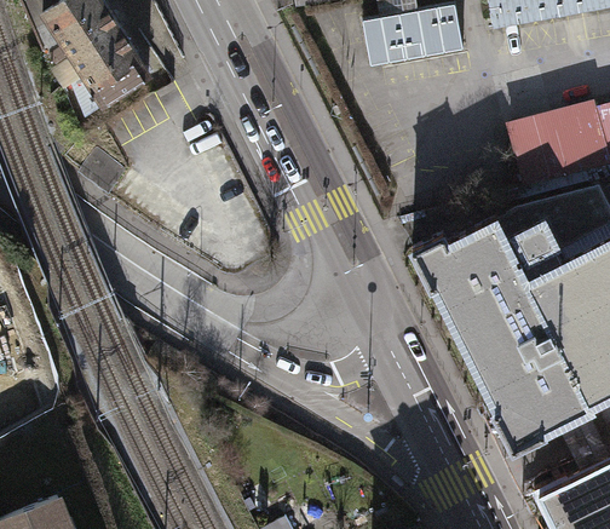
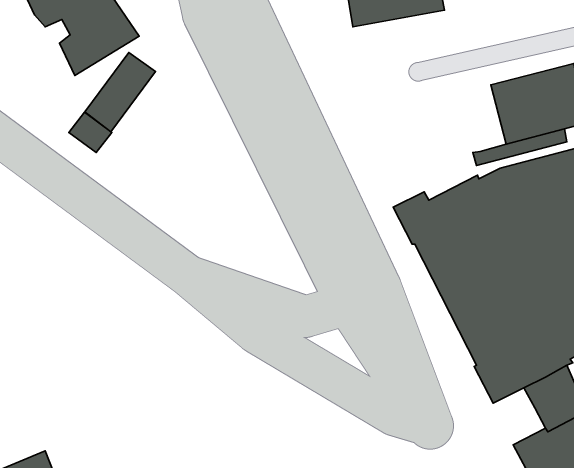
building: none -> [85,52,155,132]

